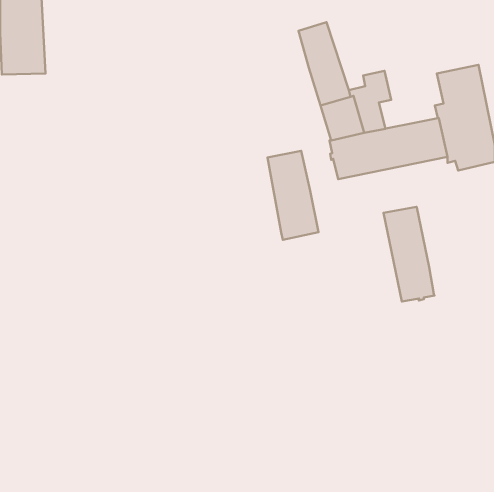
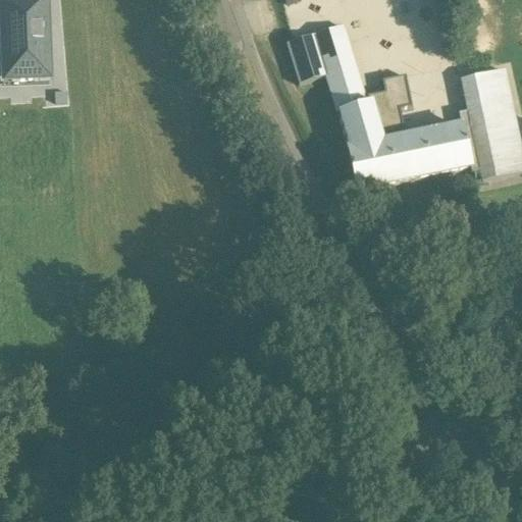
building: none -> [288,33,326,80]
building: [268,151,319,240] -> none
building: [384,207,435,302] -> none

